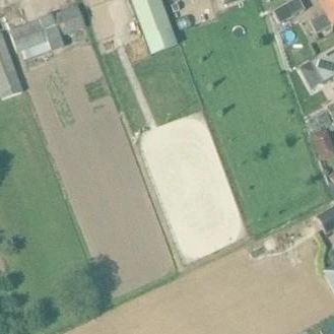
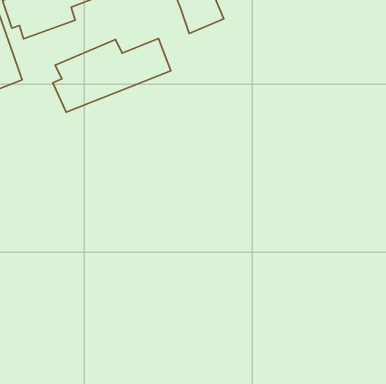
building: none -> [53,39,171,112]

